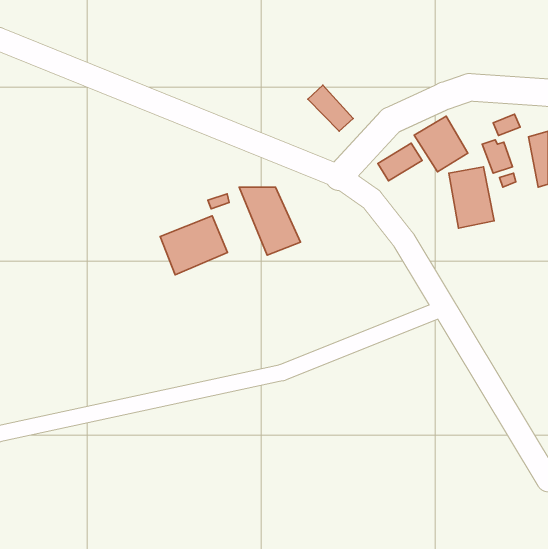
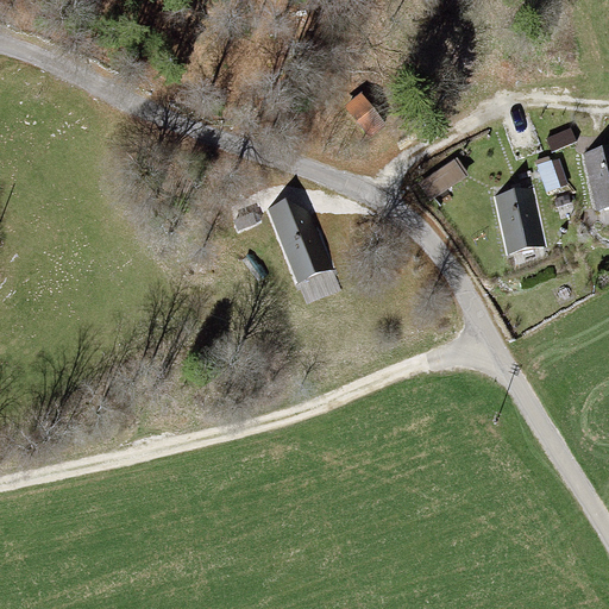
building: [414,116,468,172] -> none
building: [160,216,227,275] -> none

